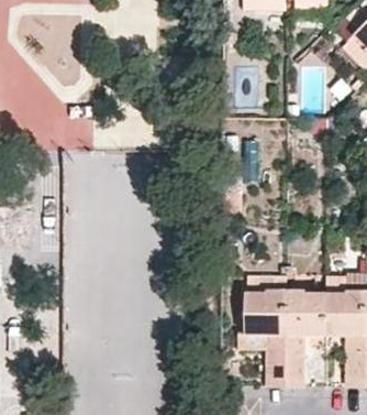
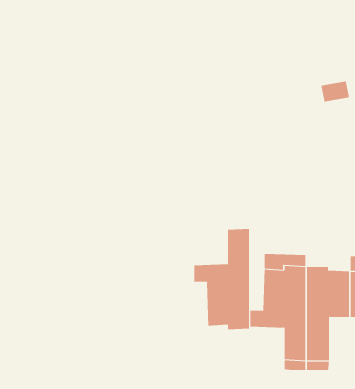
building: none -> [194,228,249,330]

